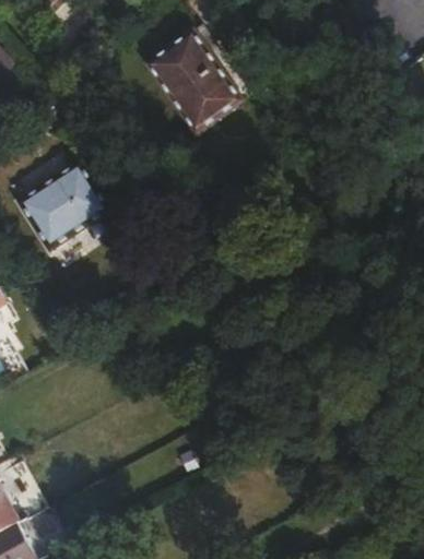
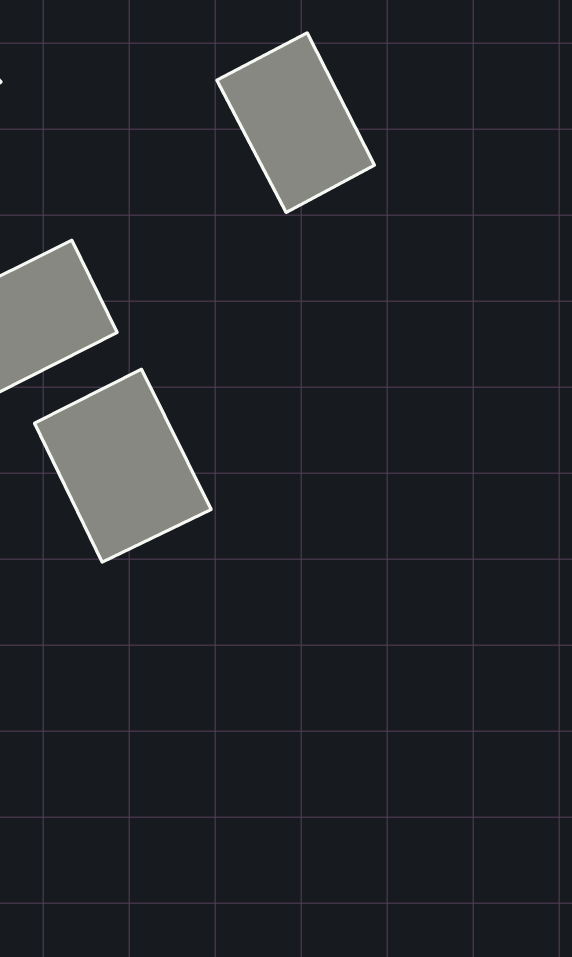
building: none -> [34,369,211,562]

